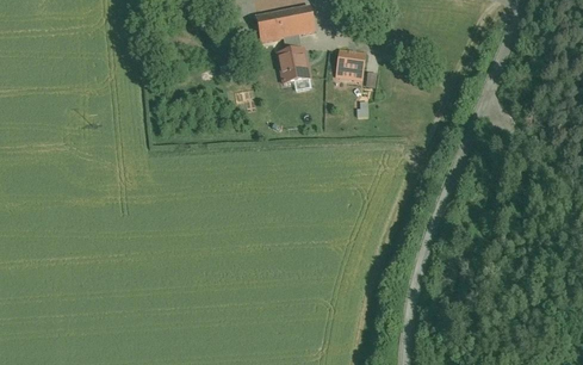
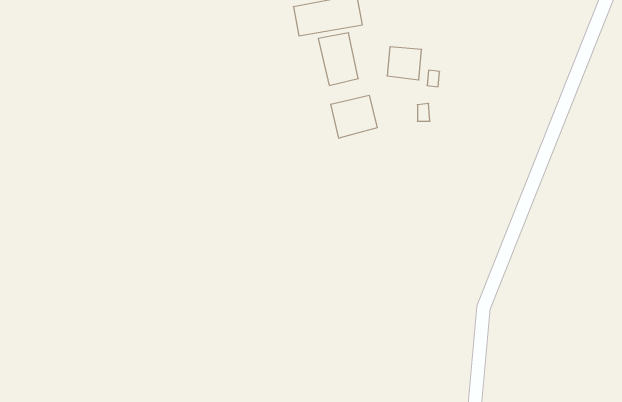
building: none -> [331,95,377,138]

